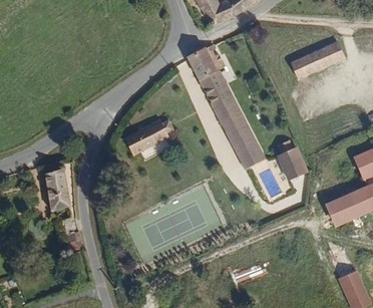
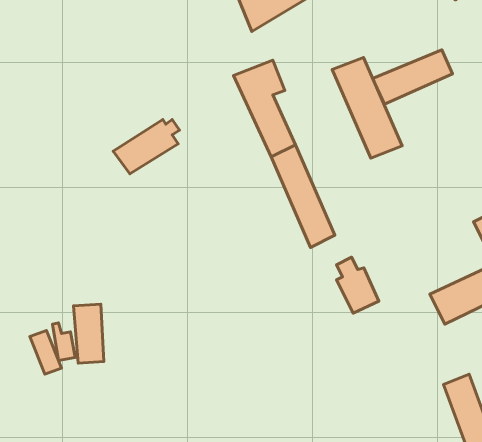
building: none -> [332,58,402,158]
building: [131,118,175,155] -> [113,120,180,174]
building: [278,146,306,184] -> [337,257,379,313]
building: [48,168,68,207] -> [74,304,104,363]

